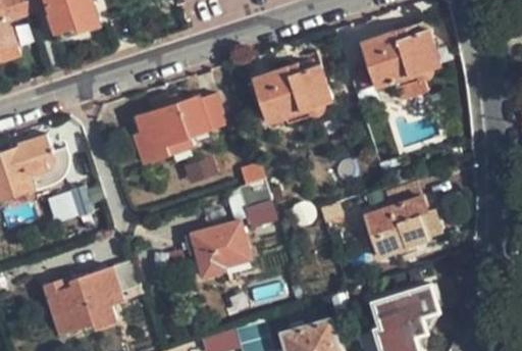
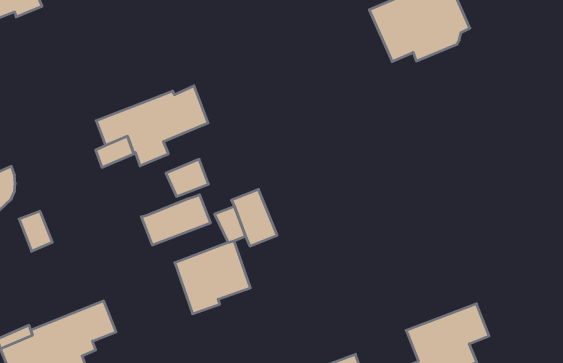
building: [253,64,330,123] -> none
building: none -> [141,195,210,245]
building: [364,184,439,258] -> none

